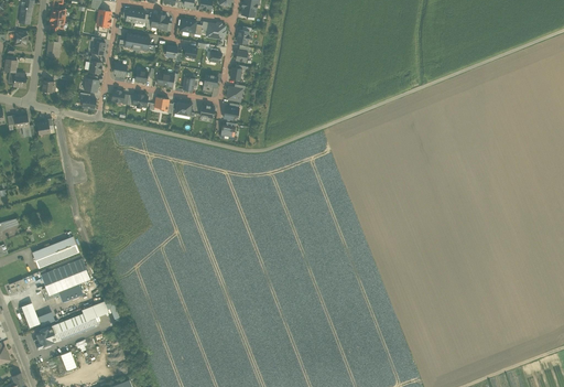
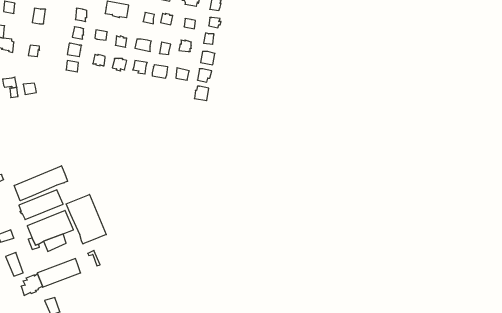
building: none -> [14,166,68,201]
building: none -> [66,194,106,244]

